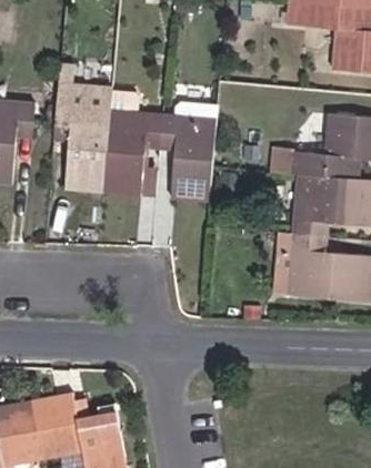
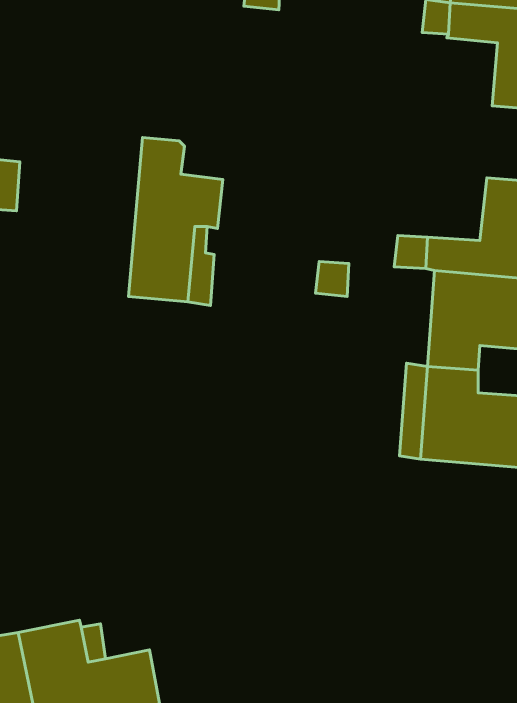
building: [52,81,111,191] -> none
building: [159,101,217,200] -> none

